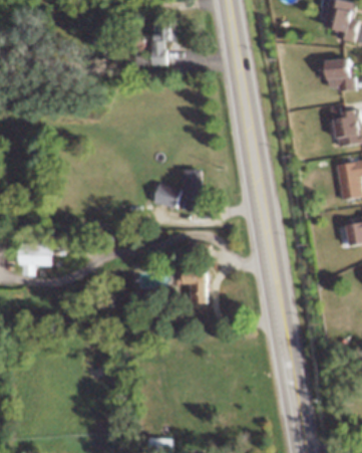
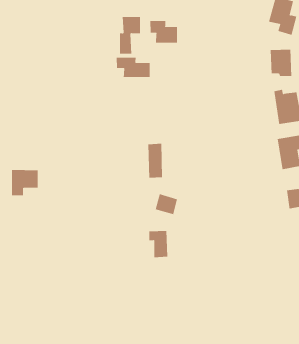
building: none -> [150,20,177,43]
building: none -> [116,57,150,78]
building: [153,183,180,208] -> [155,193,178,215]
building: [18,243,50,274] -> [11,169,38,196]

